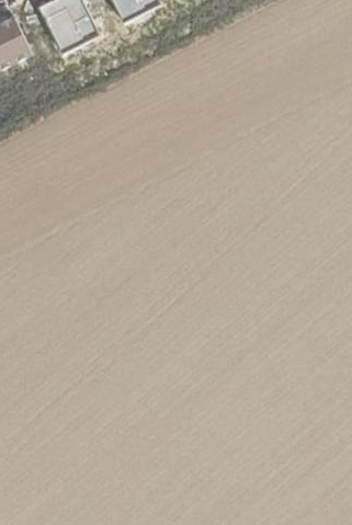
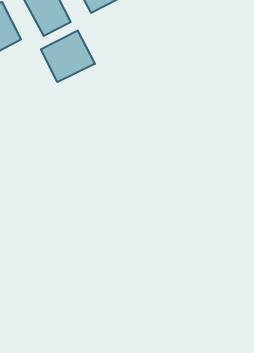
building: none -> [41,30,95,82]

